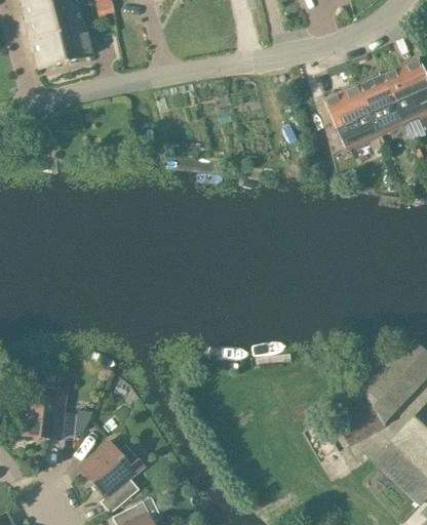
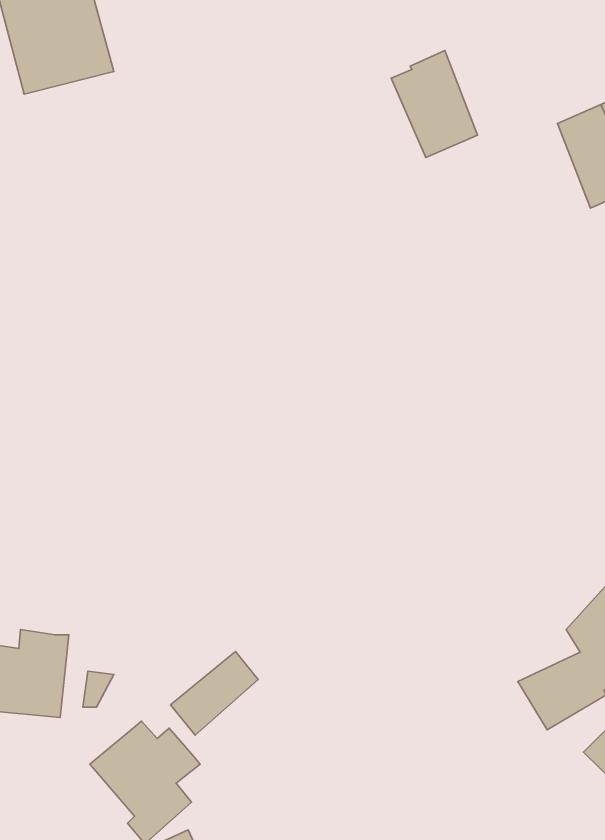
building: [324,87,376,151] -> [391,50,478,158]
building: none -> [171,652,258,735]

